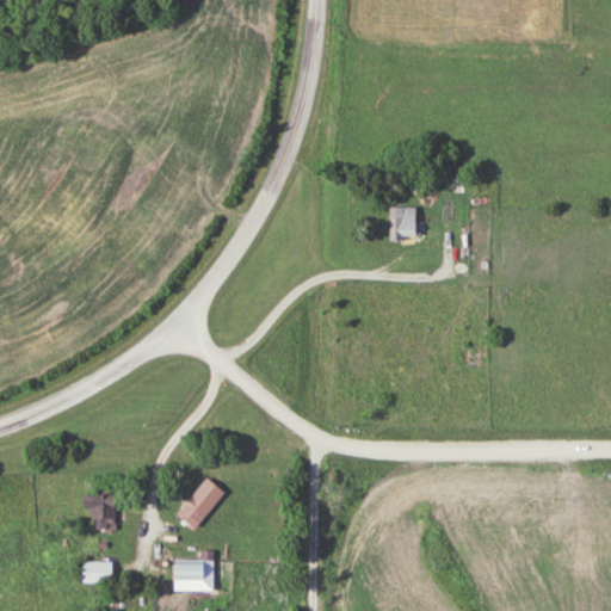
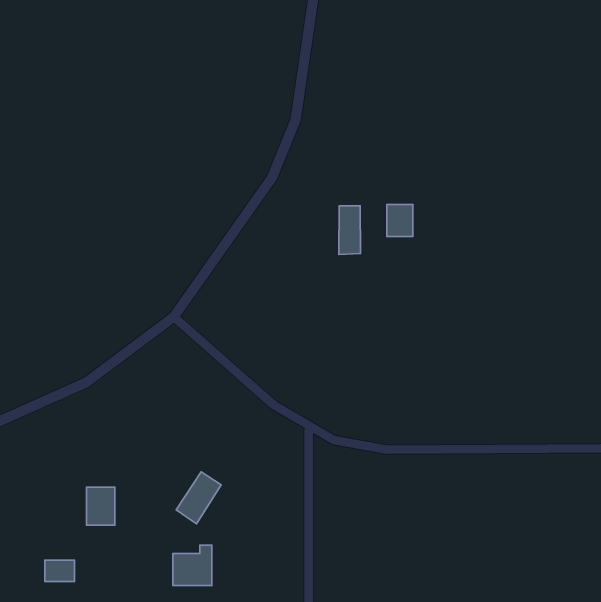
building: none -> [339,206,361,254]
building: [82,561,112,582] -> [45,560,74,581]

